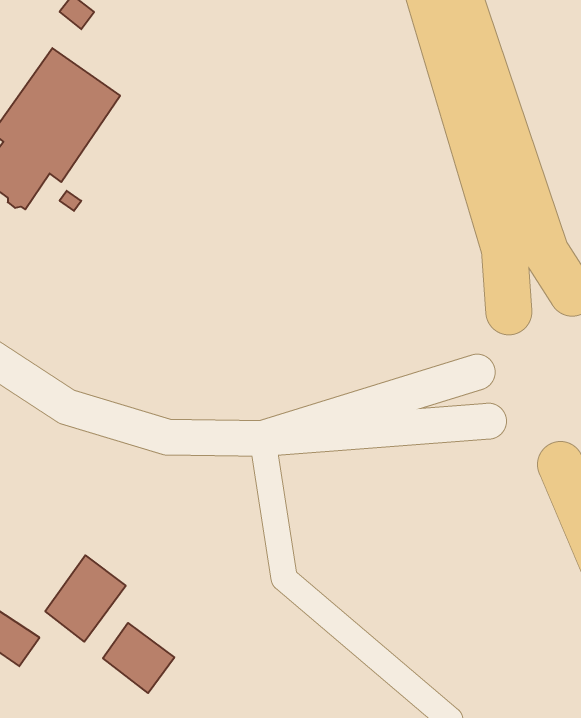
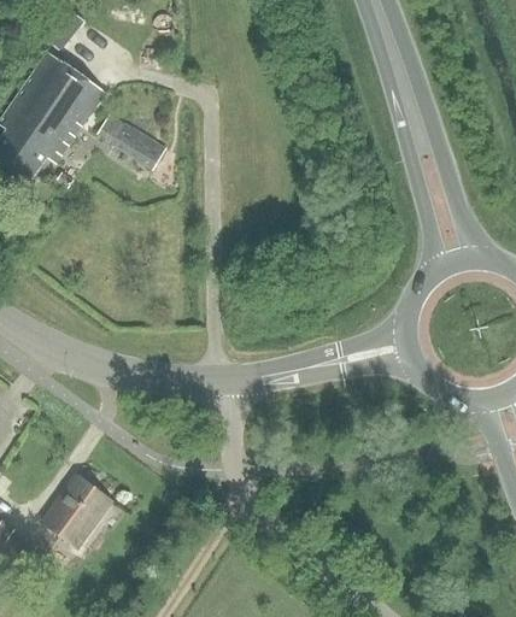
building: none -> [98,113,166,170]
building: [103,623,174,693] -> none

